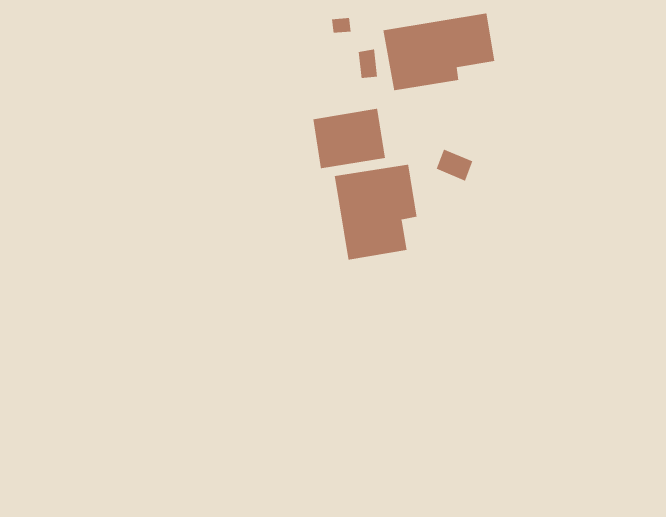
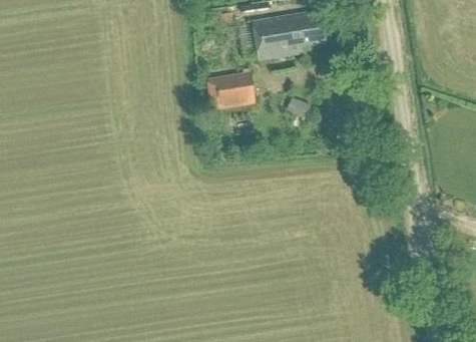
building: [334,164,417,261] -> none

